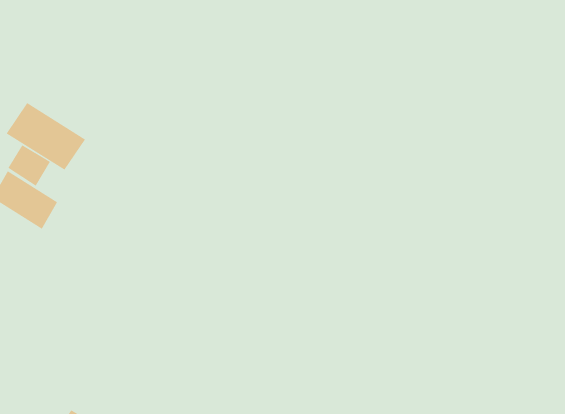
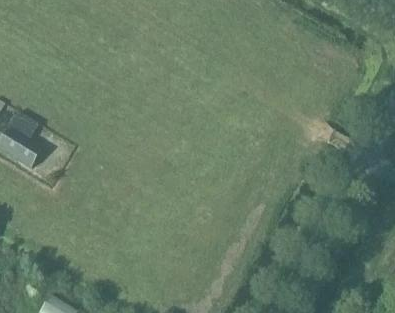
building: [6,102,86,171] -> none

